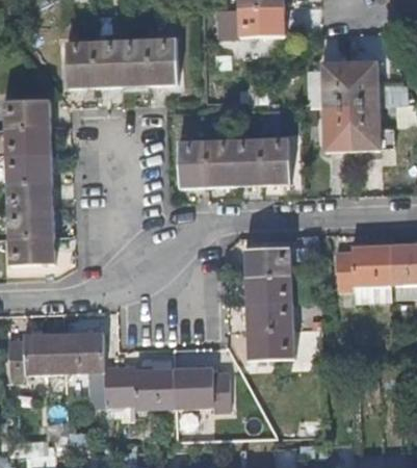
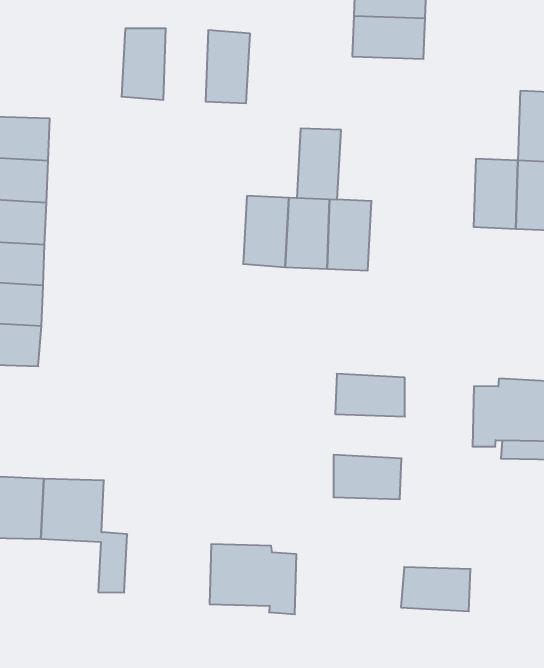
building: [119,38,148,85] -> none
building: [64,42,94,86] -> none
building: [322,61,350,107] -> none
building: [259,138,286,184] -> [297,128,341,200]
building: [246,276,291,304] -> none
building: [250,329,293,357] -> [401,567,471,611]
building: [120,364,176,407] -> none

